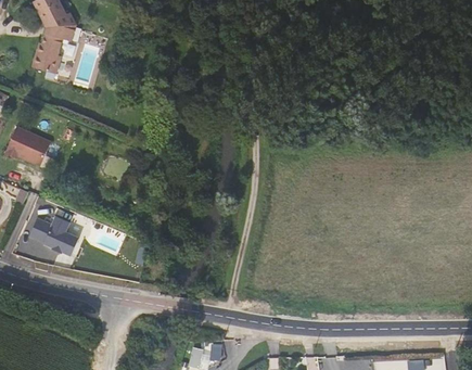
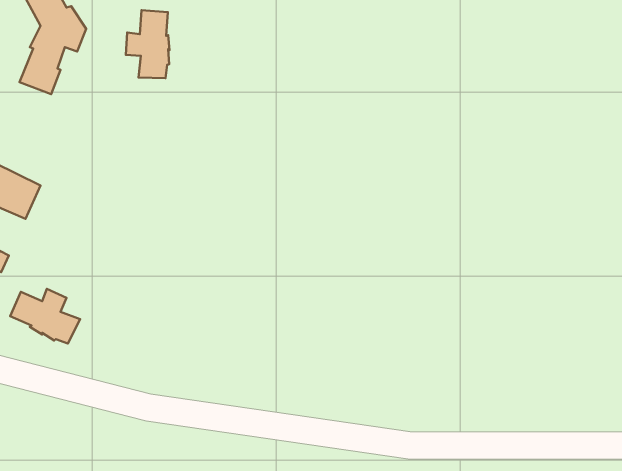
building: none -> [126,10,169,78]

